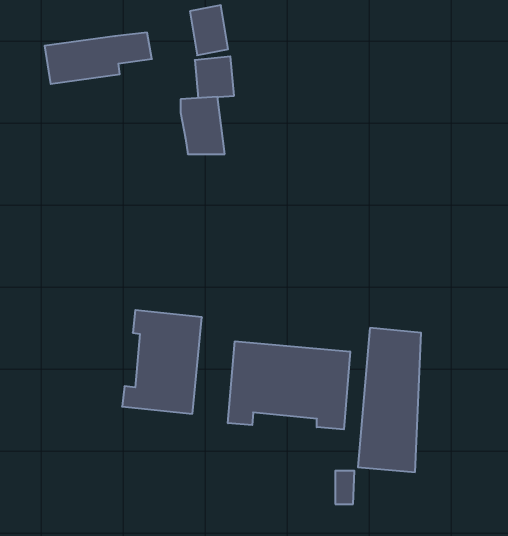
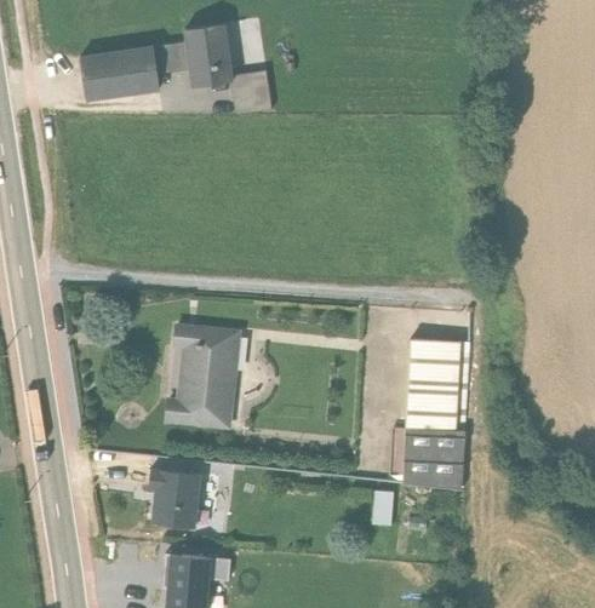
building: [181,97,225,154] -> [187,25,231,84]
building: [228,341,350,429] -> none
building: none -> [144,470,200,533]

